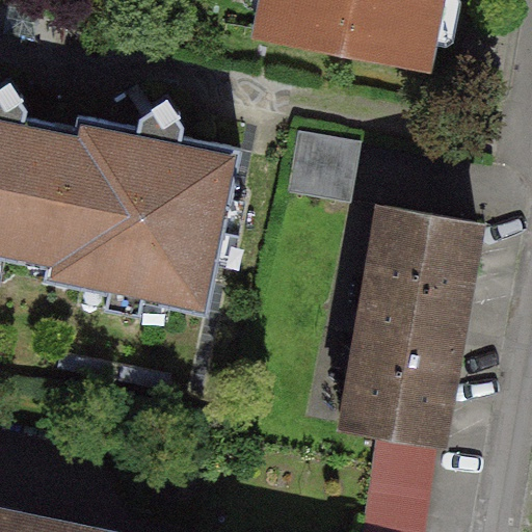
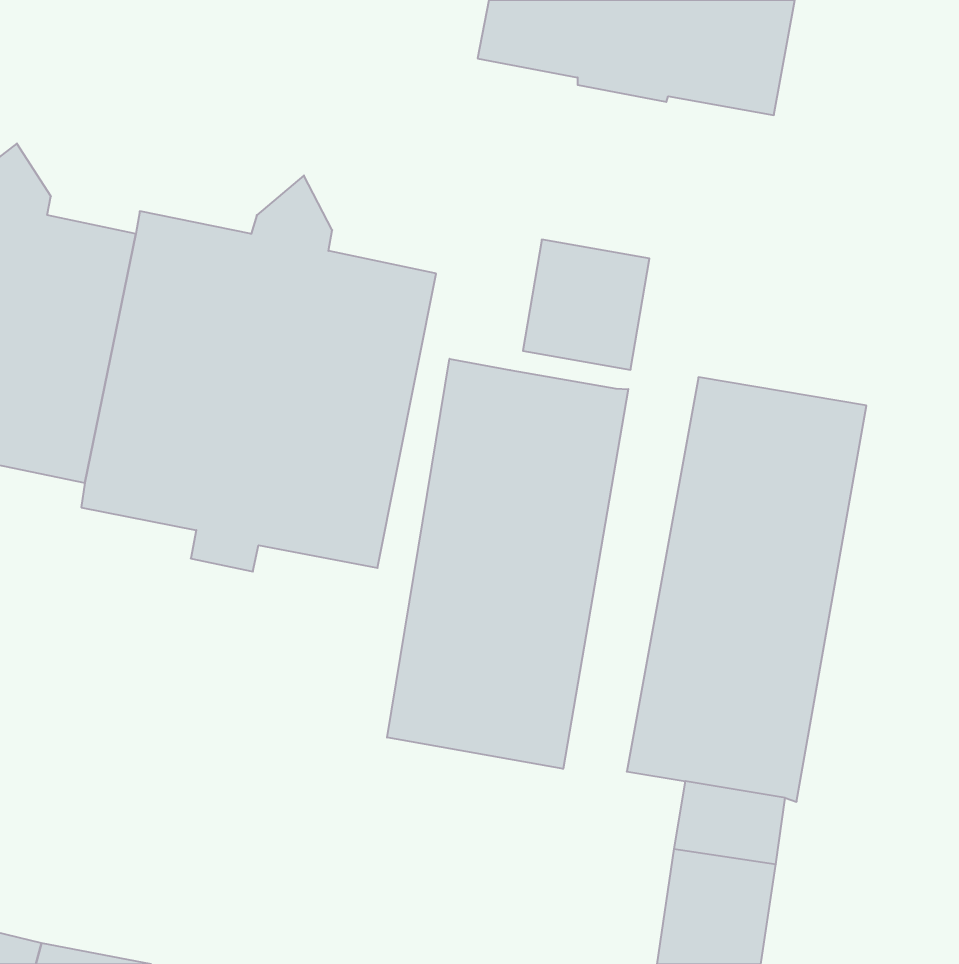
building: none -> [387,359,628,769]

